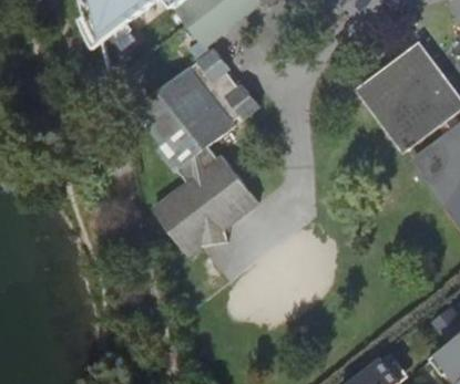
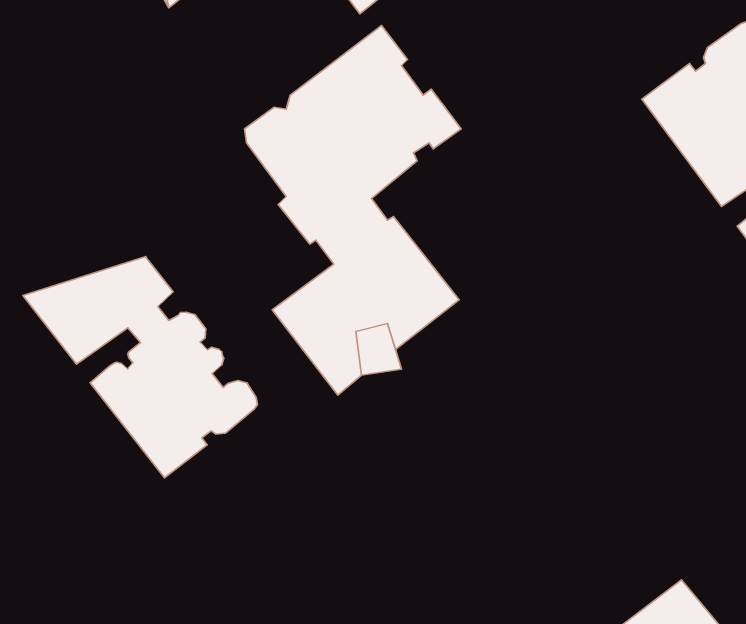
building: none -> [23,256,258,478]

